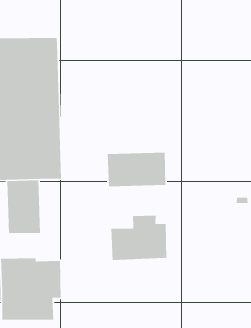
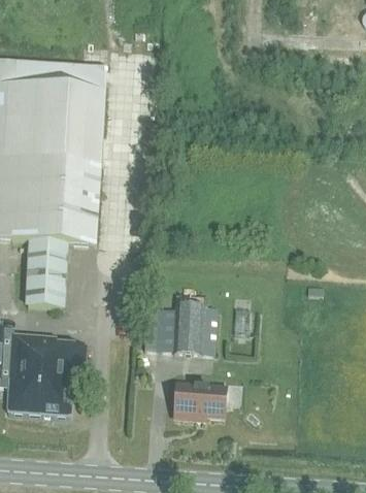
building: [107,152,166,187] -> none
building: none -> [175,383,228,421]

